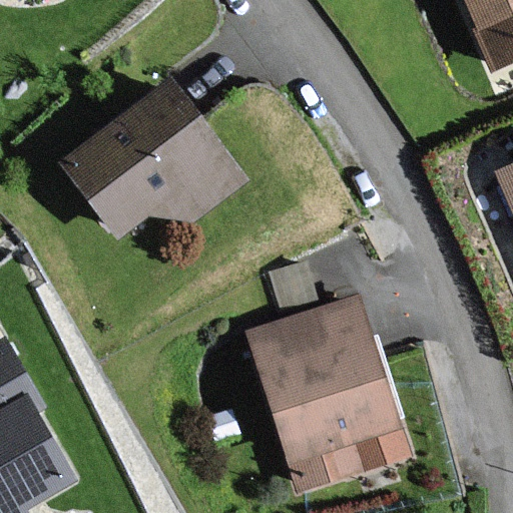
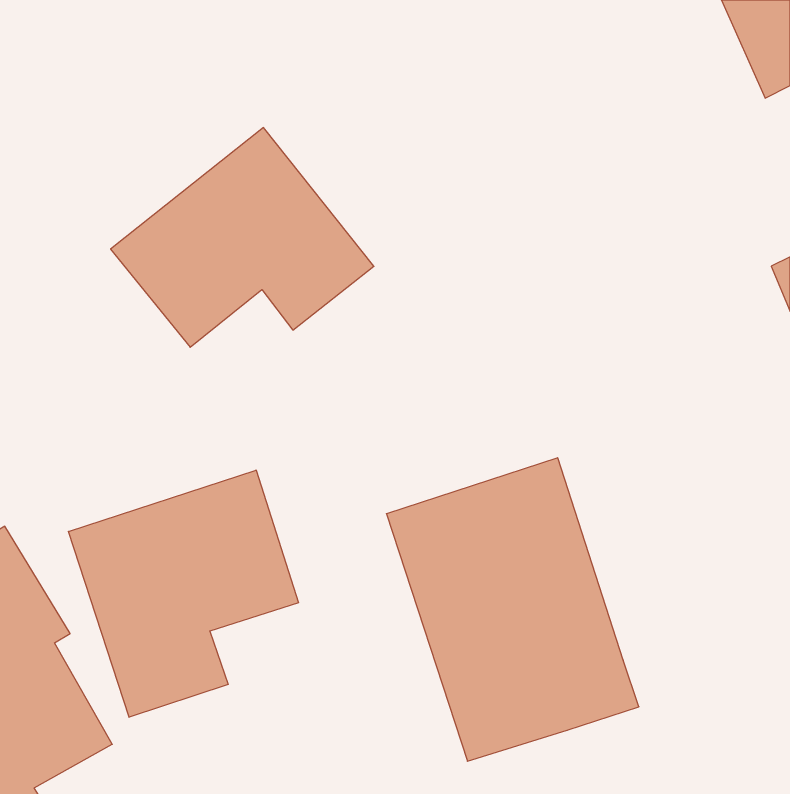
building: none -> [68,470,298,717]

